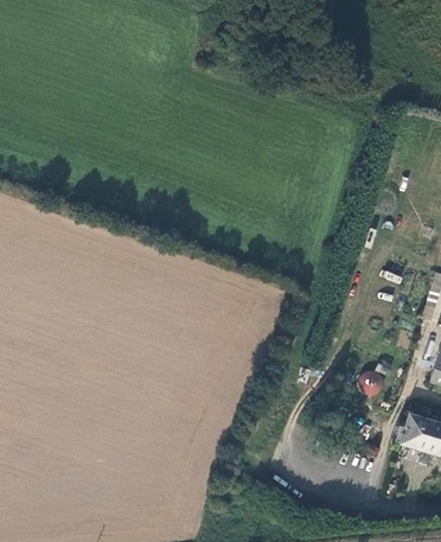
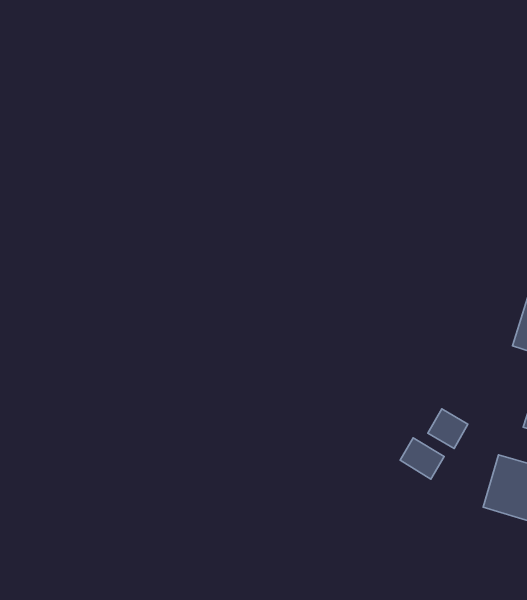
building: none -> [400,438,444,479]

